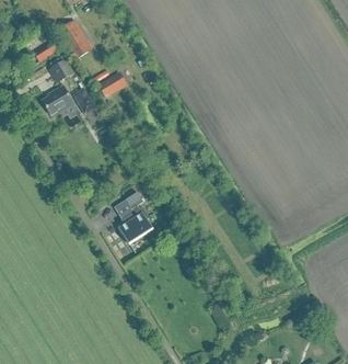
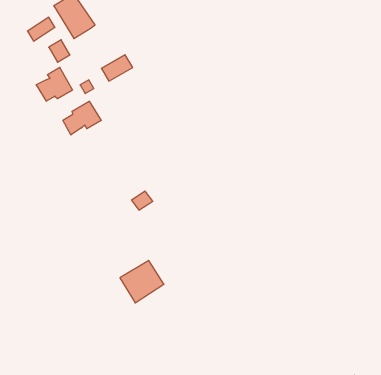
building: none -> [63,101,101,135]
building: [116,209,154,247] -> [120,260,164,303]

